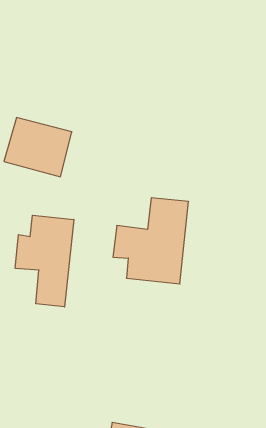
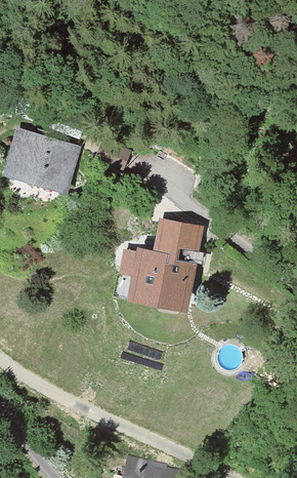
building: [15,215,74,307] -> none

